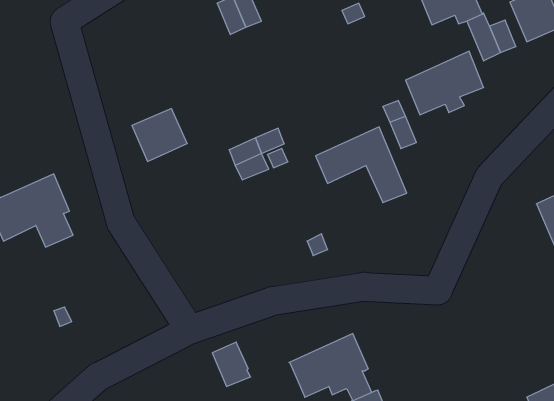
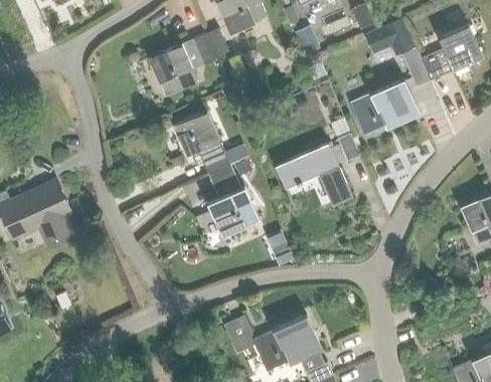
building: none -> [148,44,197,96]
building: [132,109,187,161] -> [173,112,219,156]
building: none -> [207,187,259,236]
building: [212,342,251,387] -> [223,317,256,354]

